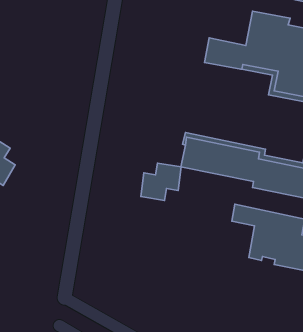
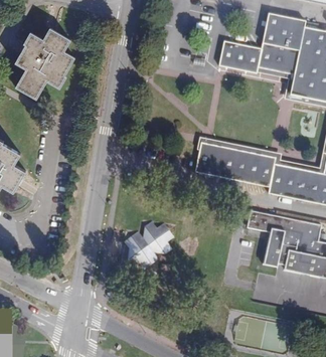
building: none -> [14,26,74,98]
building: [141,163,181,200] -> [127,224,168,262]

